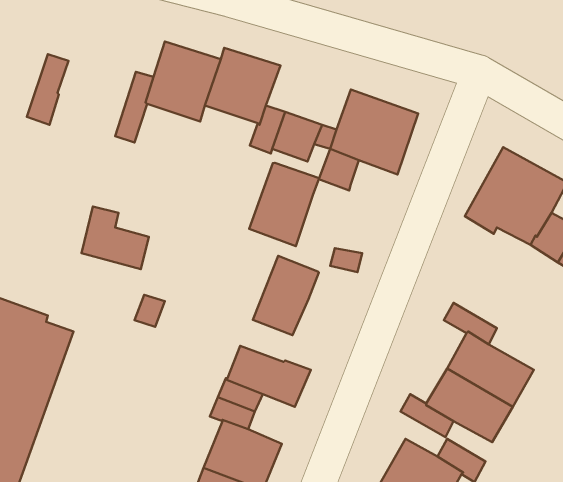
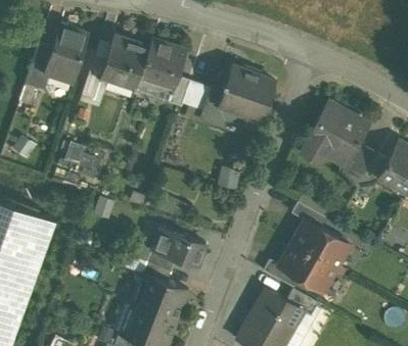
building: none -> [44,27,88,79]
building: [249,163,319,246] -> none
building: [253,256,319,335] -> none

